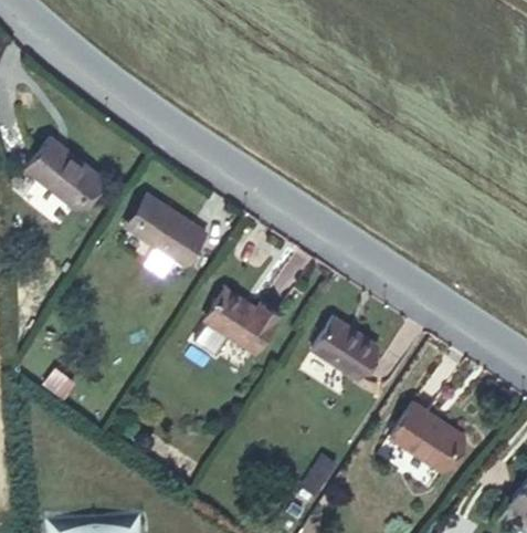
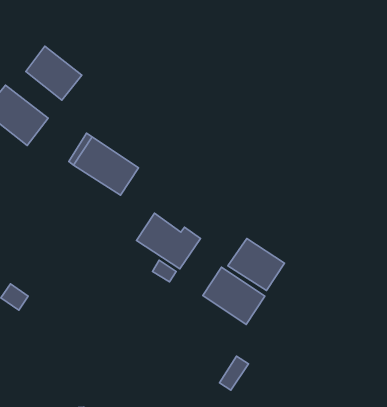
building: none -> [26,46,82,100]
building: [391,404,464,471] -> [203,267,265,325]

